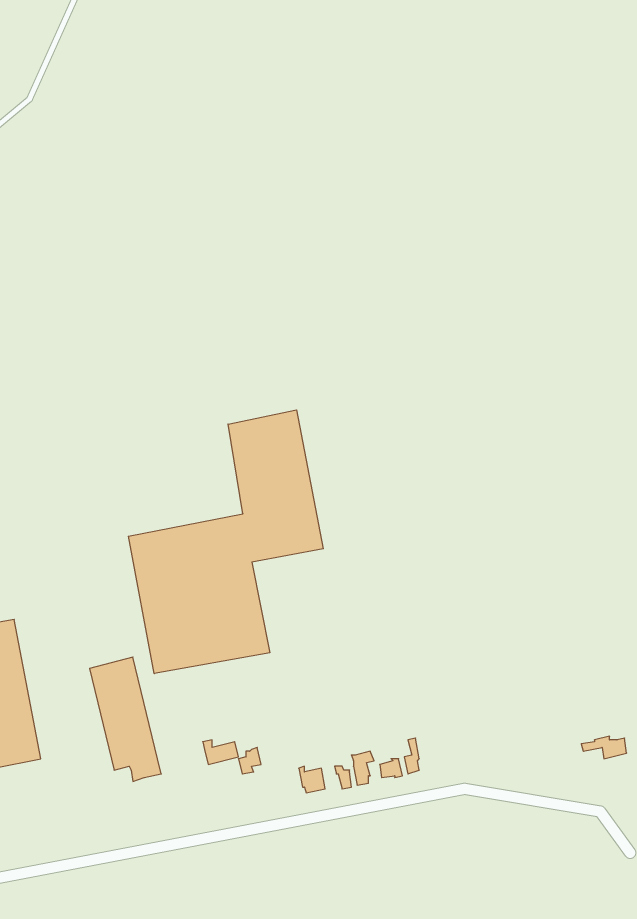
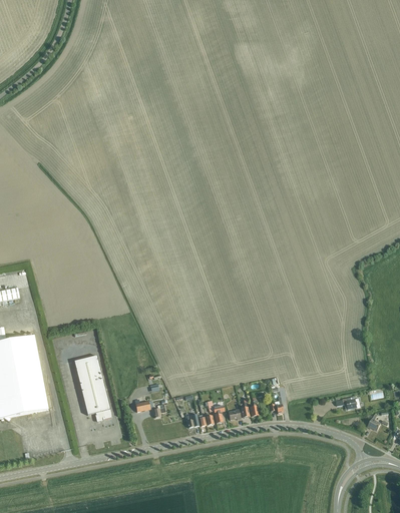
building: [128,410,323,674] -> none

